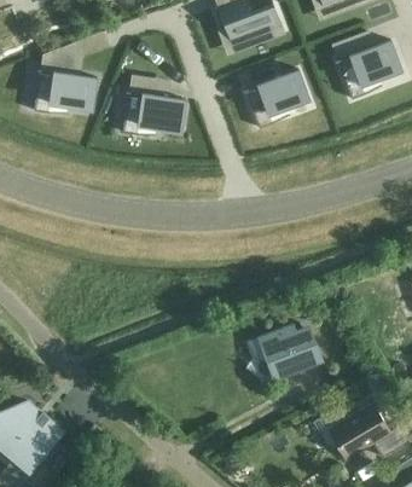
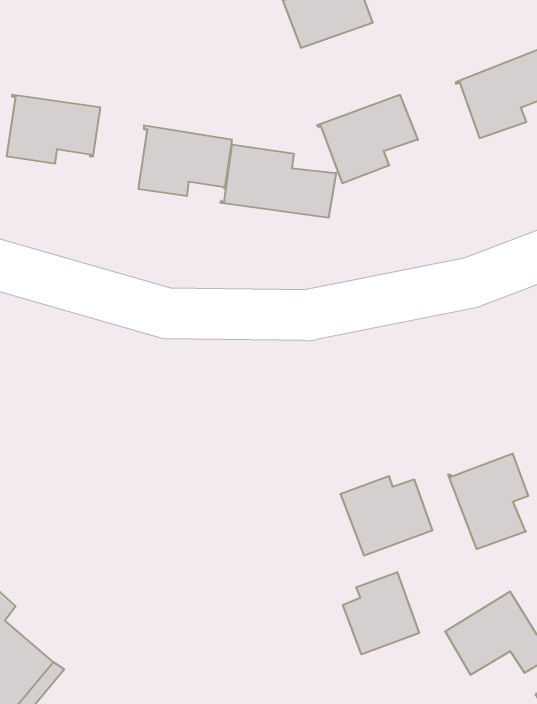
building: none -> [220,144,336,218]
building: none -> [448,454,528,549]
building: none -> [343,572,419,654]

